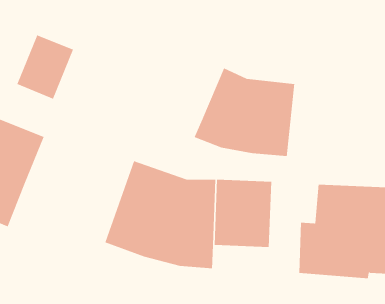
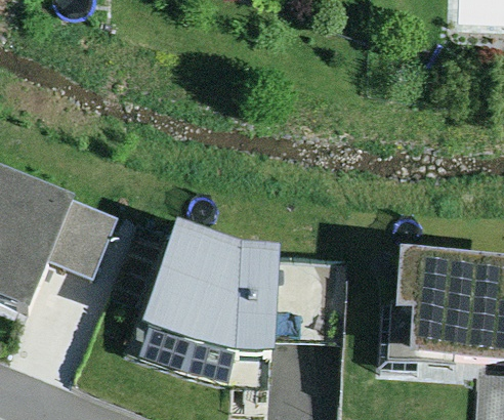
building: [16,34,74,100] -> [45,195,115,274]
building: [194,68,295,157] -> none

